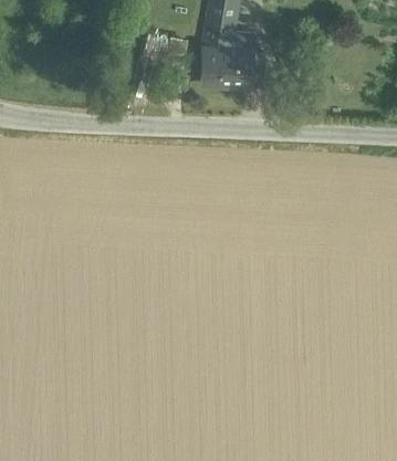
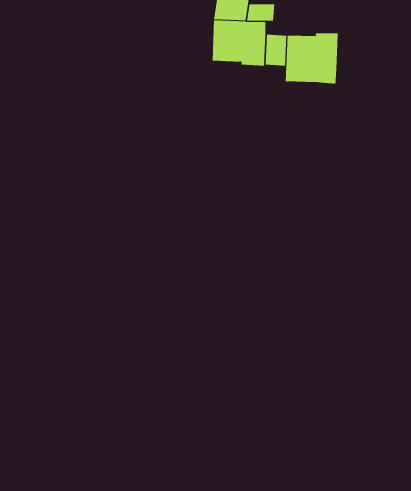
building: none -> [285,32,338,84]

